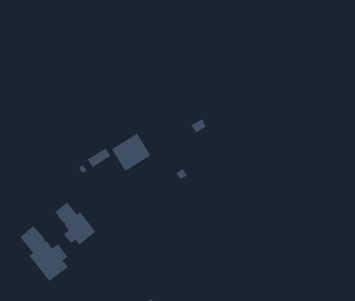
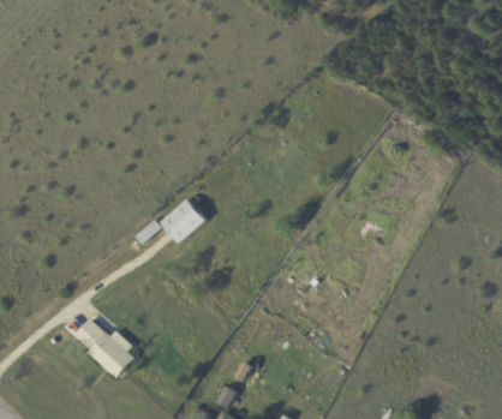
building: [54,202,96,246] -> none

